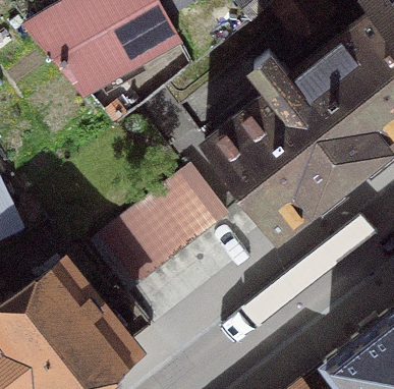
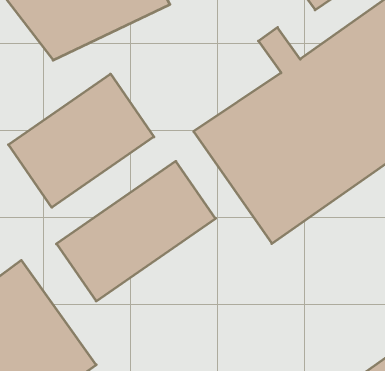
building: none -> [8,74,154,207]

